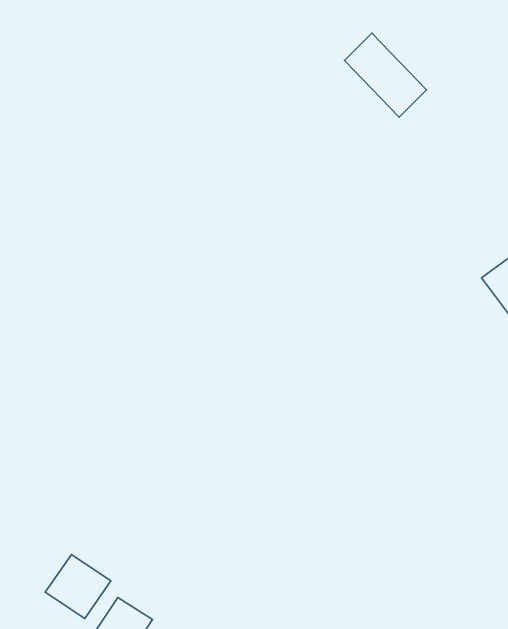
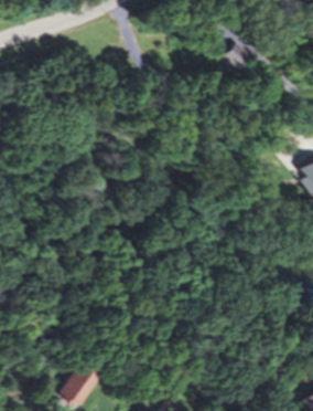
building: [45,555,111,619] -> none

